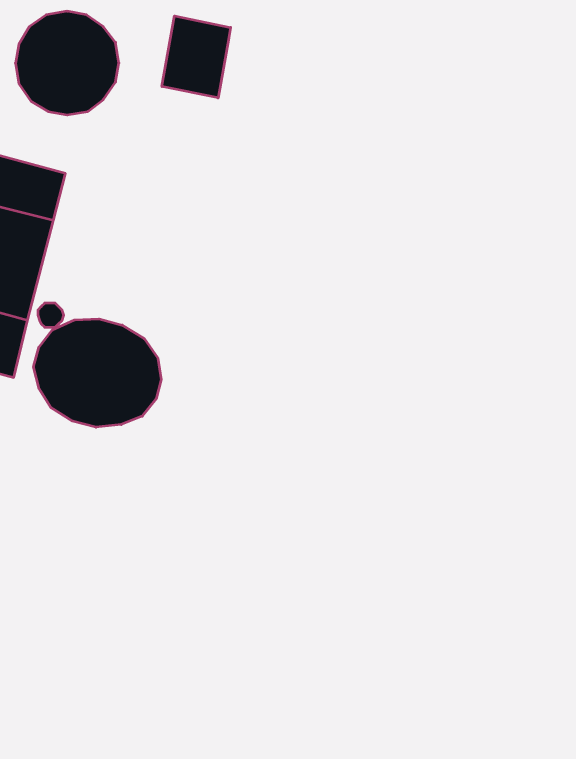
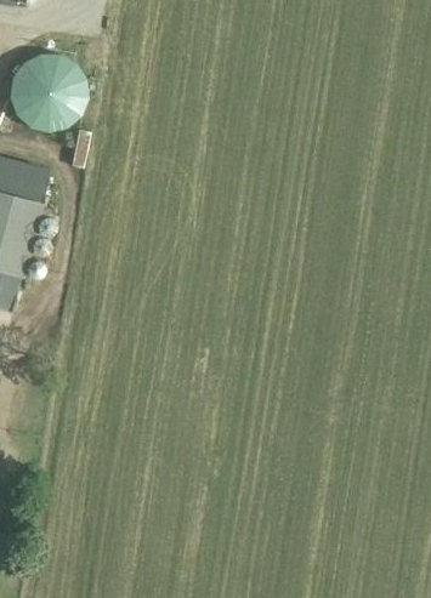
building: [162,16,231,98] -> none
building: [34,319,161,427] -> none

